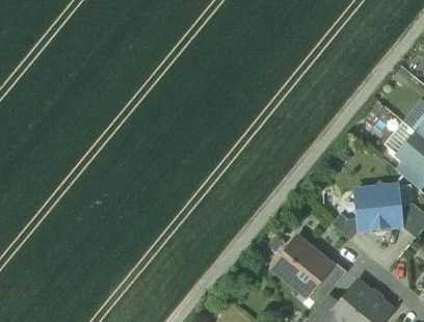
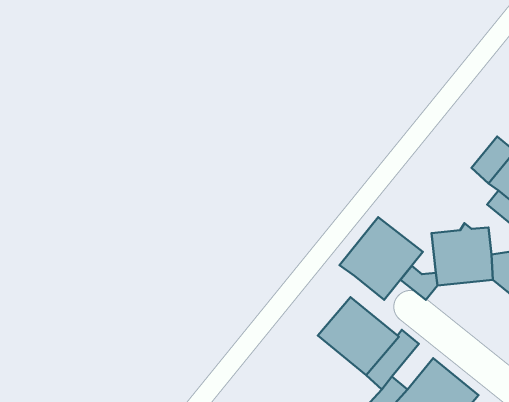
building: none -> [340,217,423,300]

